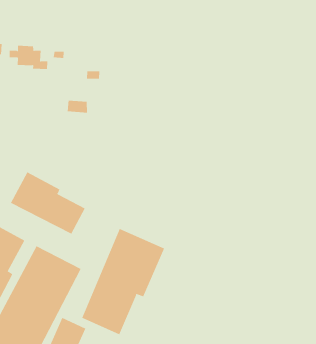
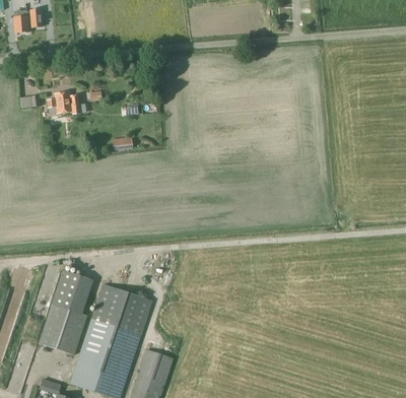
building: [10,172,85,234] -> none
building: [81,228,165,335] -> none

